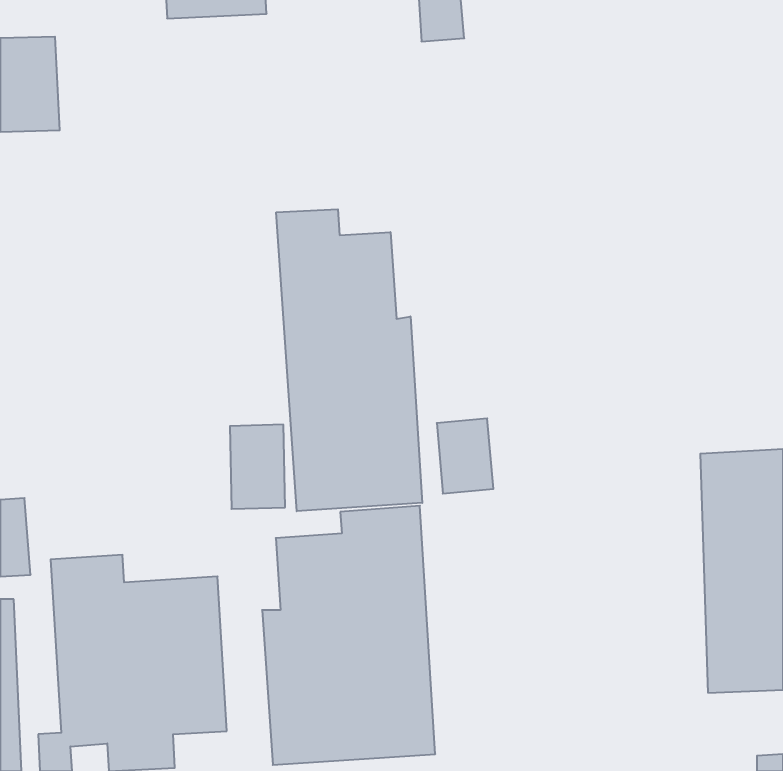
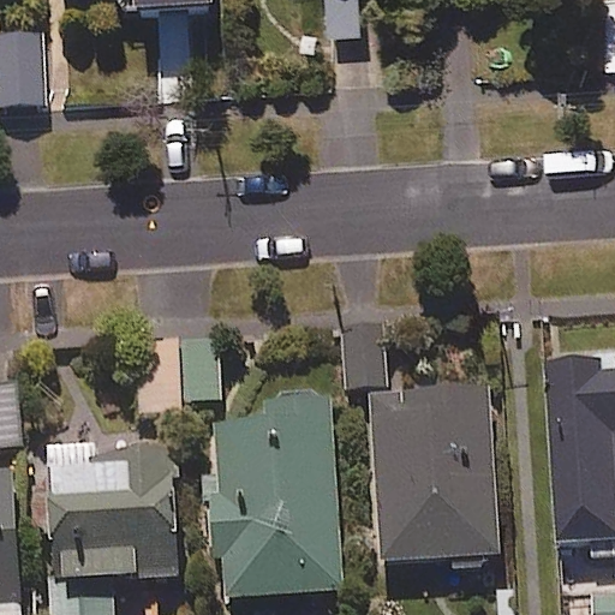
building: [276,209,422,511] -> none
building: none -> [371,387,496,562]

